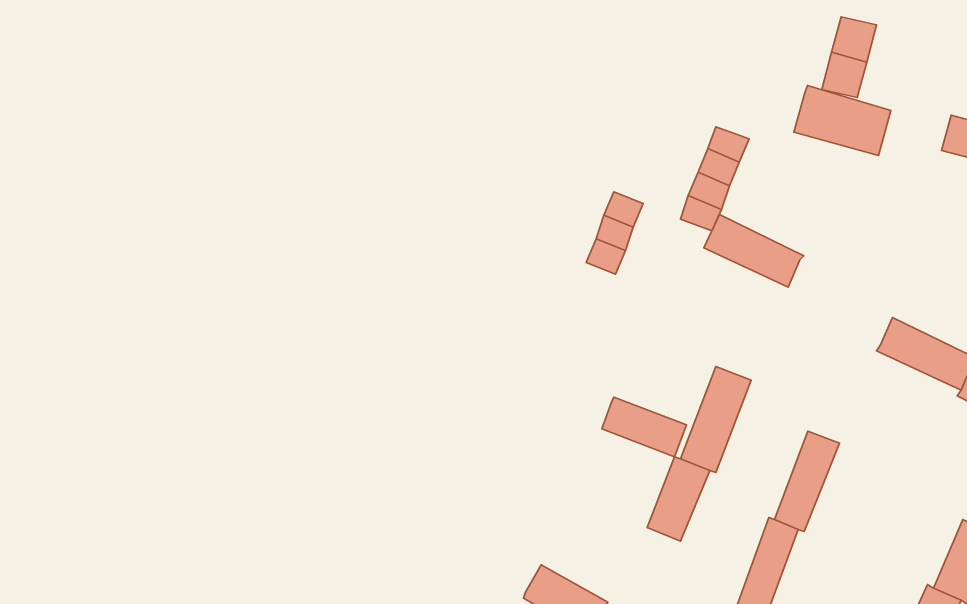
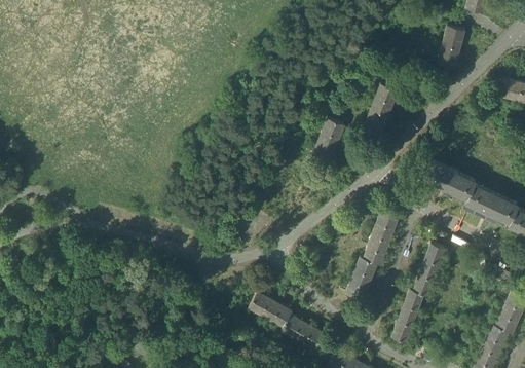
building: [794,85,891,155] -> none
building: [704,215,804,287] -> [423,160,476,198]
building: [602,397,687,457] -> none
building: none -> [248,292,292,328]

